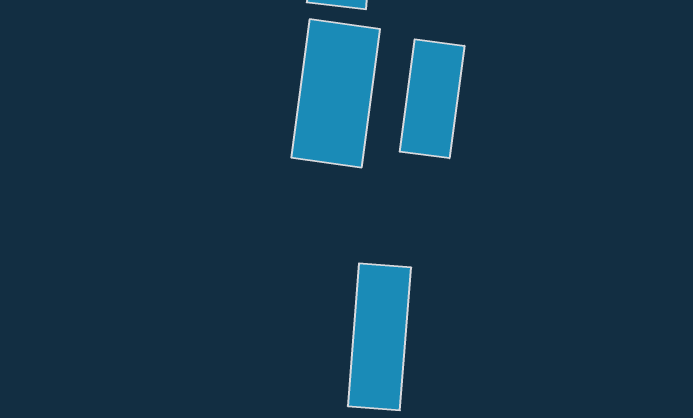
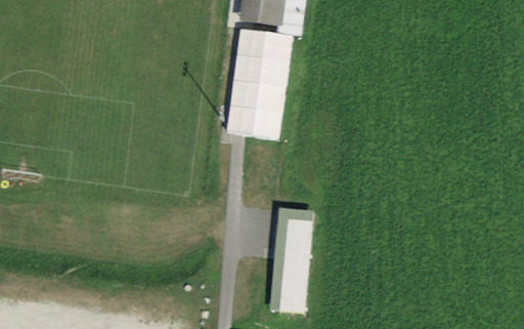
building: [400,39,464,158] -> none

